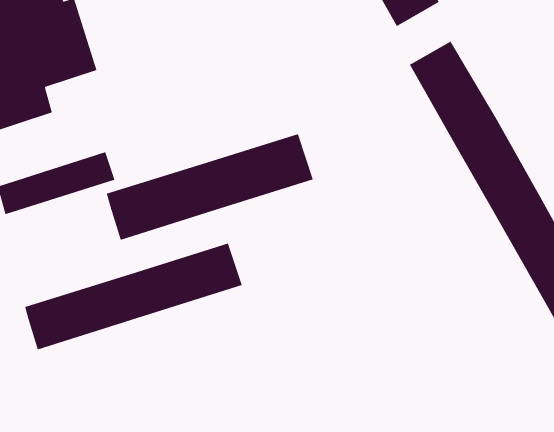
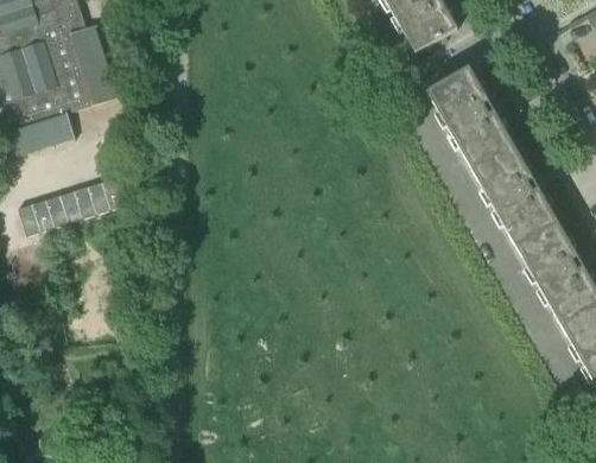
building: [106,133,314,241] -> none
building: [24,243,243,351] -> none

